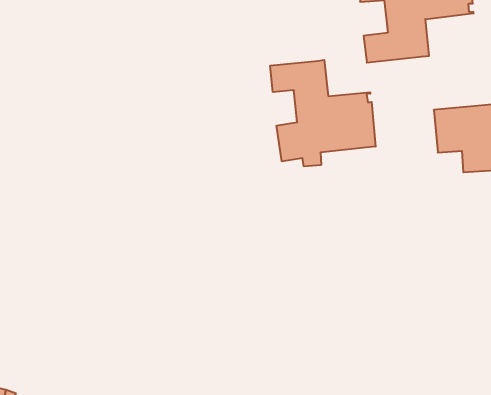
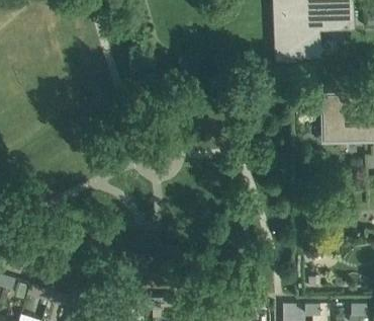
building: [270,60,376,166] -> none

